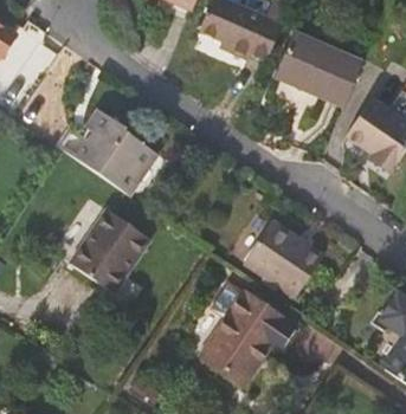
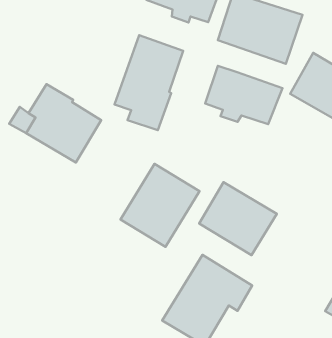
building: none -> [115,35,183,130]
building: none -> [205,66,283,124]
building: [67,211,149,296] -> [121,164,199,247]

